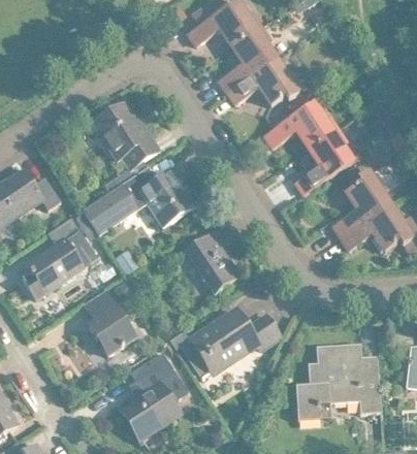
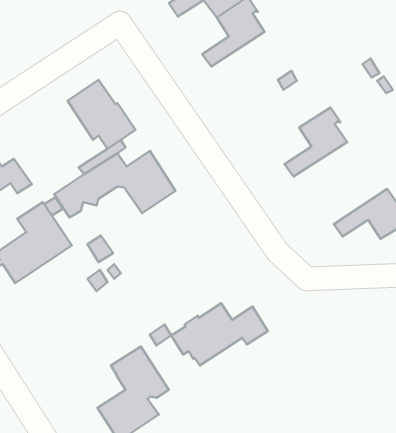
building: [228,60,301,106] -> none
building: [265,103,339,149] -> none
building: [333,166,391,238] -> none
building: [187,233,240,293] -> none
building: [85,290,136,355] -> none
building: [296,345,382,418] -> none

